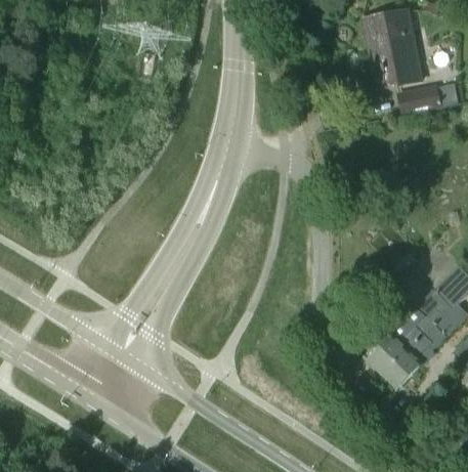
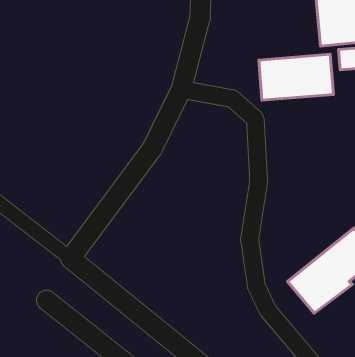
building: none -> [259,54,333,100]

